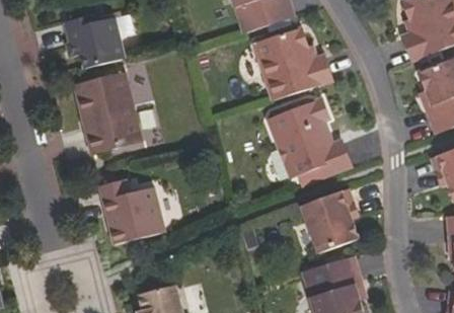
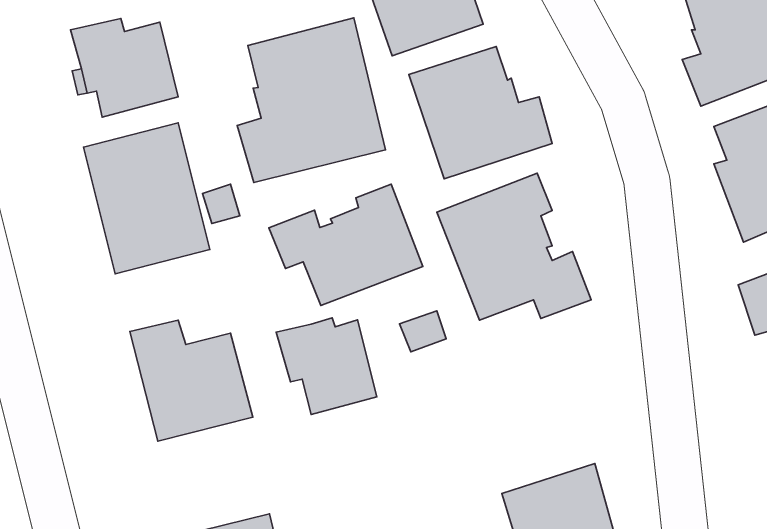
building: none -> [237,18,385,183]
building: none -> [269,184,423,306]
building: none -> [276,318,377,414]
building: [301,190,358,255] -> none

